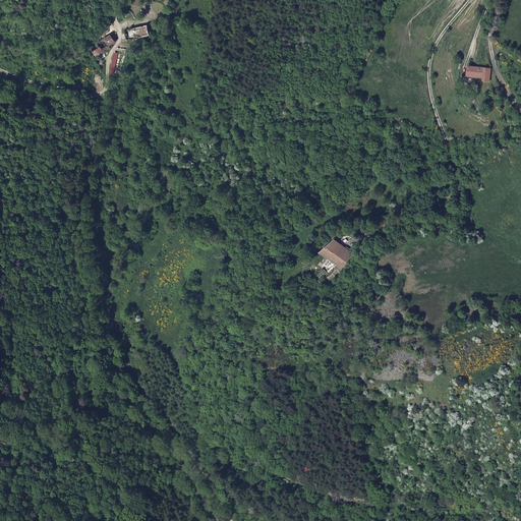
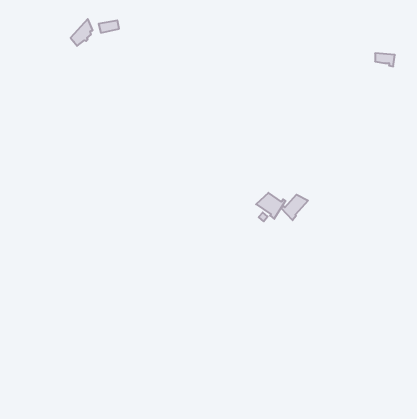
building: none -> [281,195,308,220]

